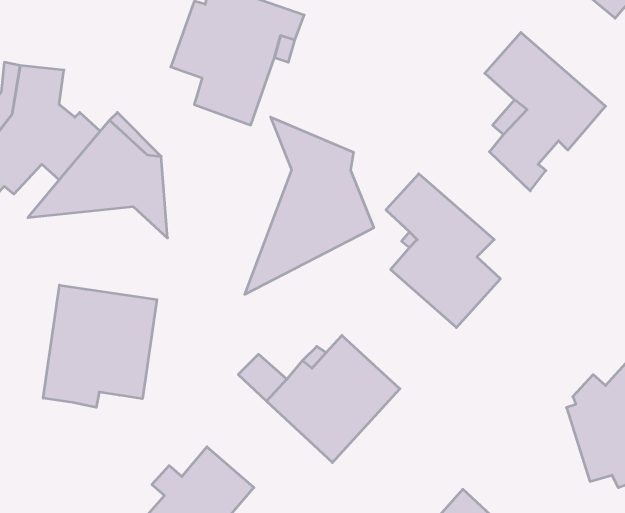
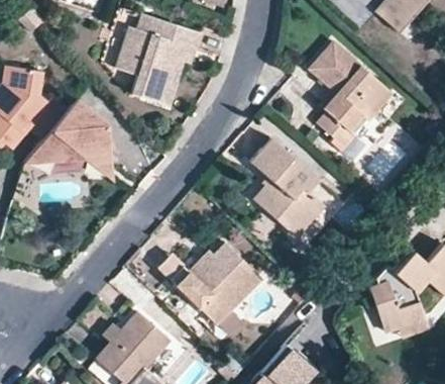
building: [245,117,374,294] -> none
building: [43,285,157,407] -> none

